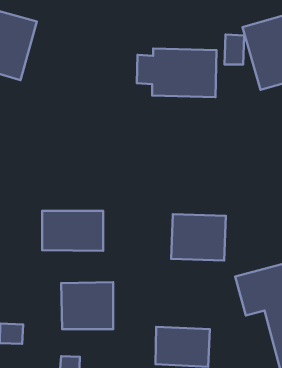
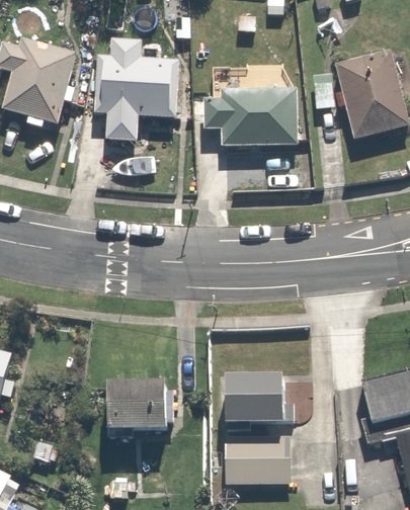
building: none -> [90,34,184,145]
building: [42,211,103,251] -> none
building: [171,214,226,260] -> [227,372,295,430]

